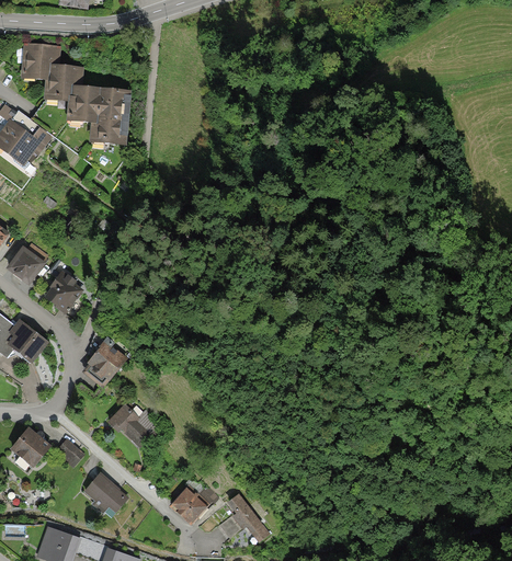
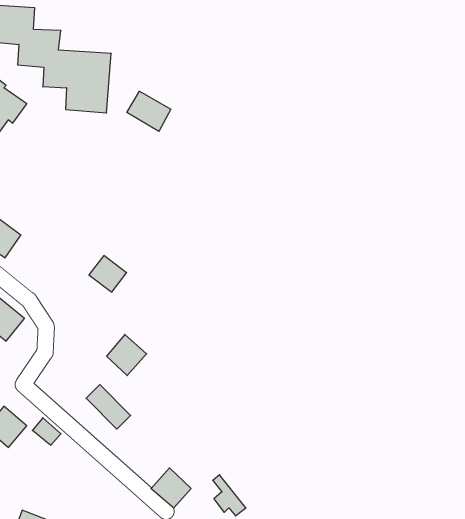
building: none -> [127,91,171,131]
building: [46,275,82,310] -> [89,256,127,292]
building: [87,342,125,381] -> [107,334,147,376]
building: [84,472,128,513] -> none

